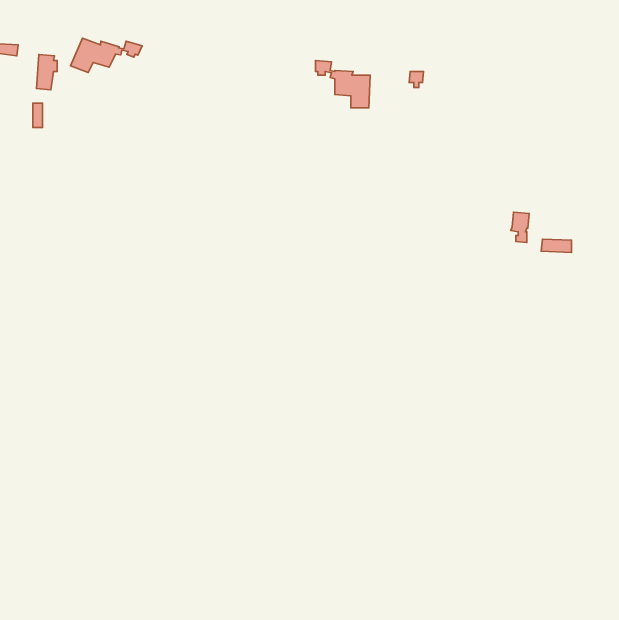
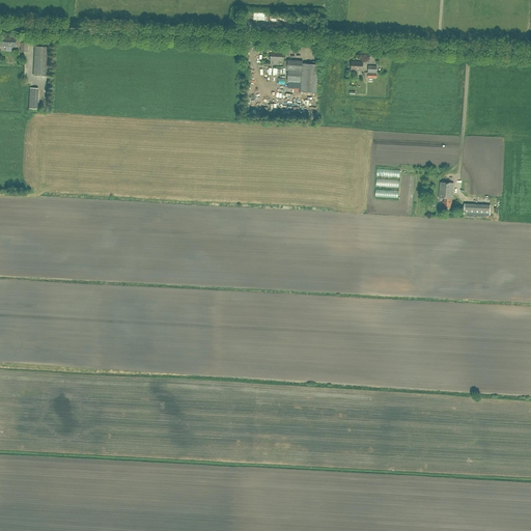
building: [70,38,142,73] -> none

